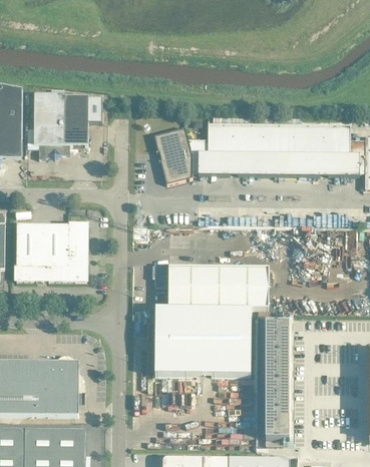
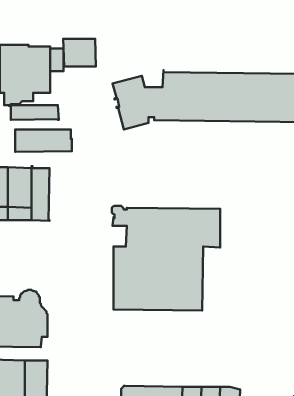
building: none -> [63,39,96,67]
building: none -> [9,105,59,120]
building: none -> [15,130,72,152]
building: [265,322,288,439] -> none

